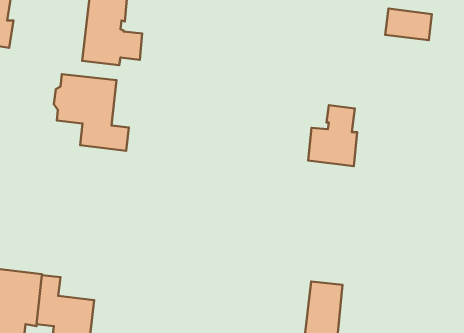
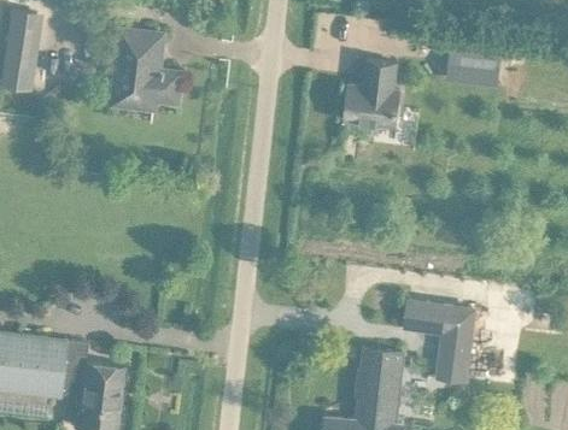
building: [54,74,129,151] -> none
building: [308,105,357,166] -> [344,60,398,128]
building: none -> [404,300,474,382]

